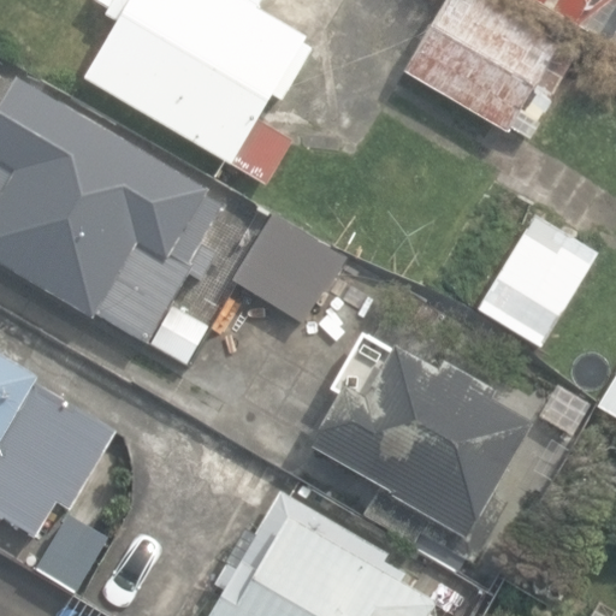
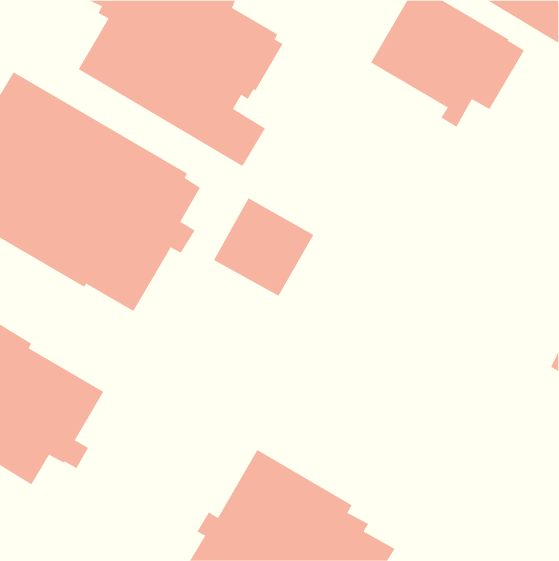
building: [474,213,600,350] -> none
building: [306,332,529,578] -> none

